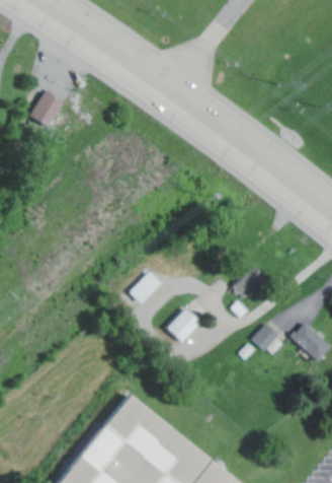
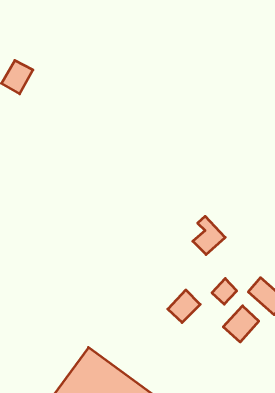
building: [130,271,161,303] -> none
building: [166,307,200,342] -> [168,290,200,323]
building: none -> [223,306,259,342]

